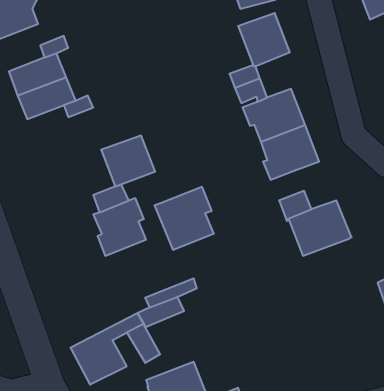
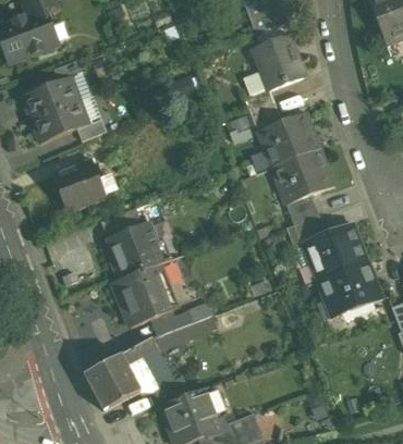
building: [101,136,155,187] -> [52,160,107,211]
building: none -> [286,194,319,224]
building: [154,187,214,250] -> [112,263,172,326]
building: none -> [318,262,381,314]

